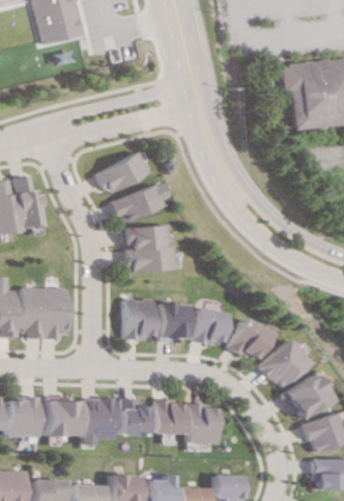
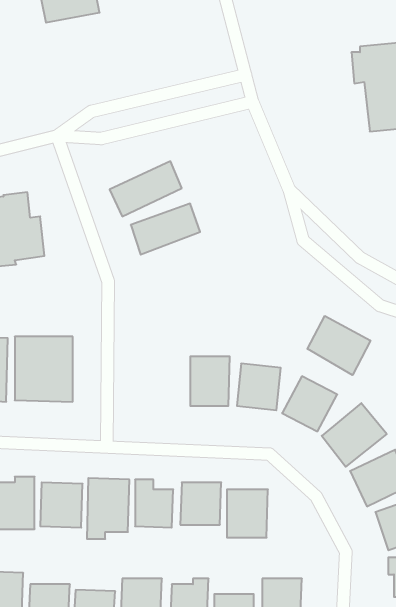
building: [122,225,180,273] -> none
building: none -> [307,316,370,375]
building: [119,299,151,339] -> none

